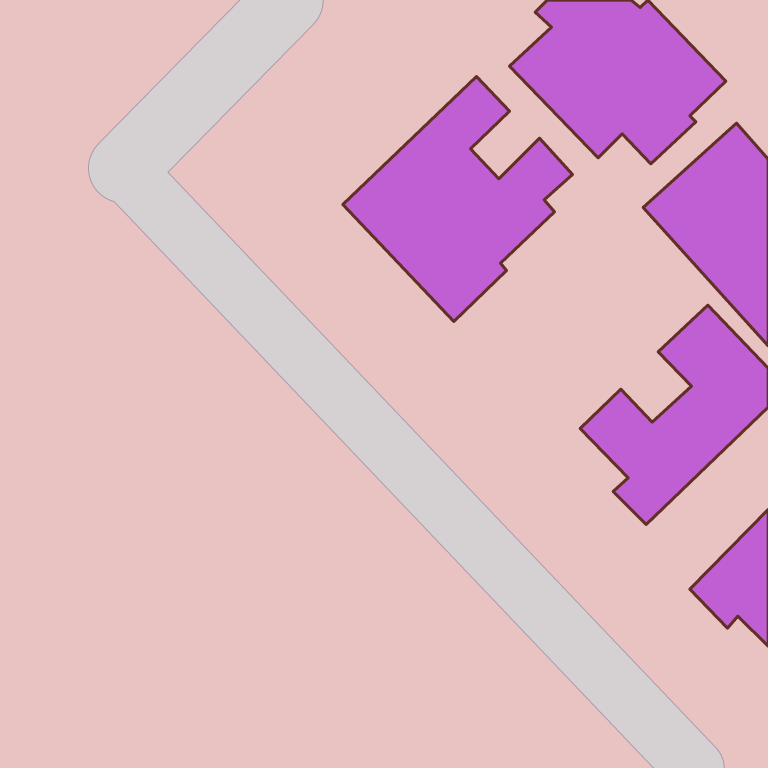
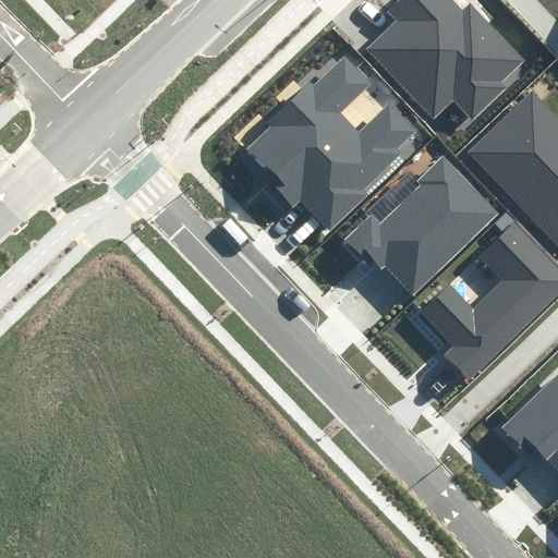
building: none -> [342,157,498,293]

